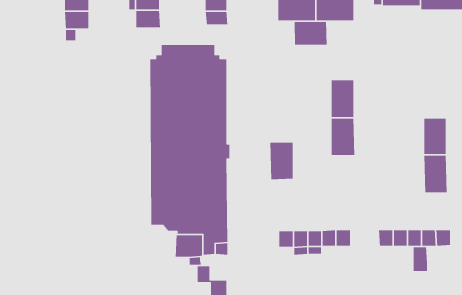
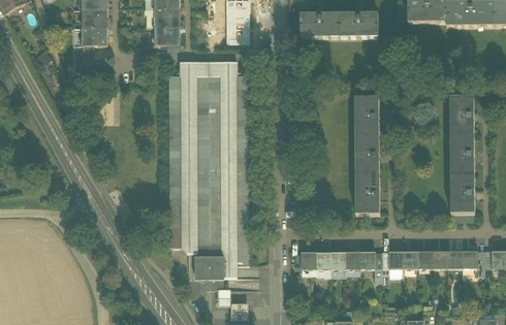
building: [294,21,327,45] -> none
building: none -> [449,97,473,136]
building: [269,142,294,180] -> [354,175,379,215]
building: [413,247,428,272] -> [388,251,404,277]

